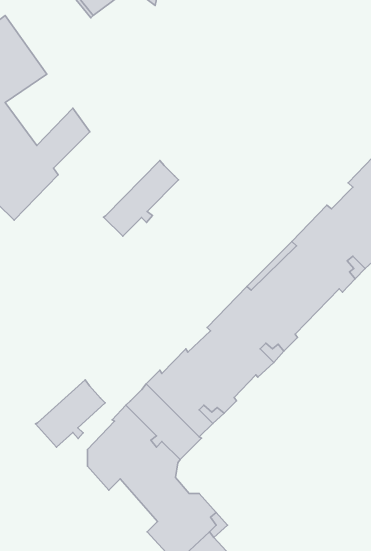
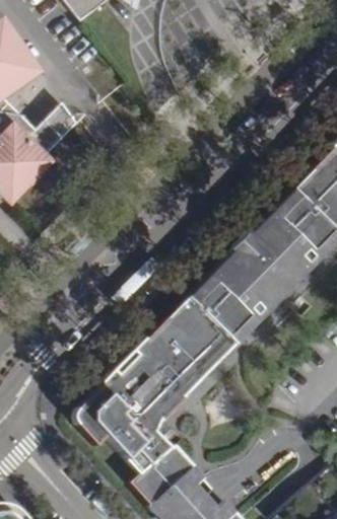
building: [103,160,178,236] -> none
building: [35,380,105,447] -> none

